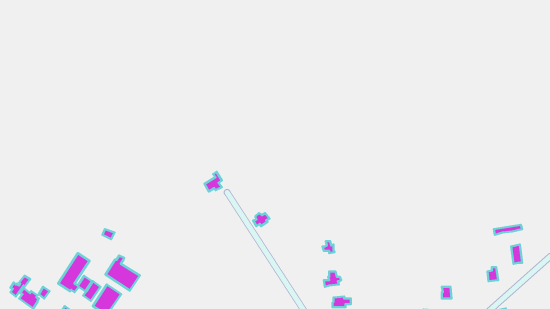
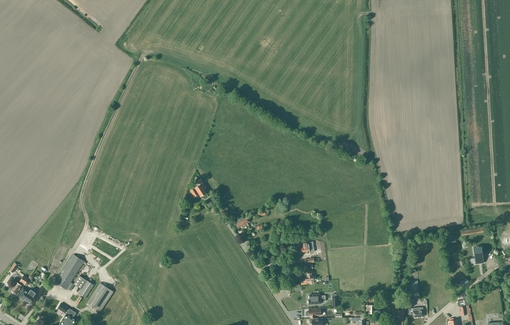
building: [105,256,140,290] -> none

